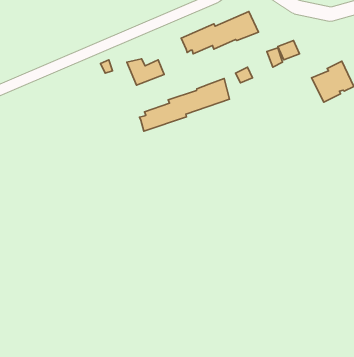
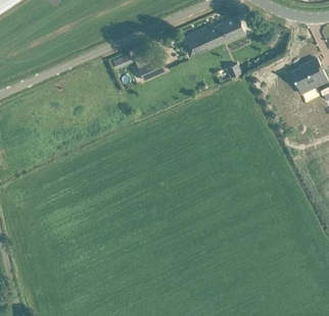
building: [139,78,230,131] -> none

